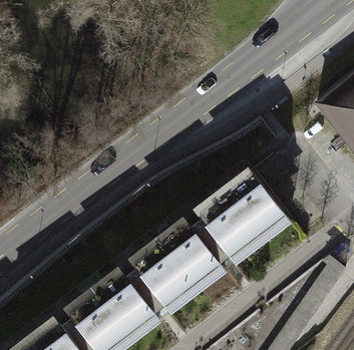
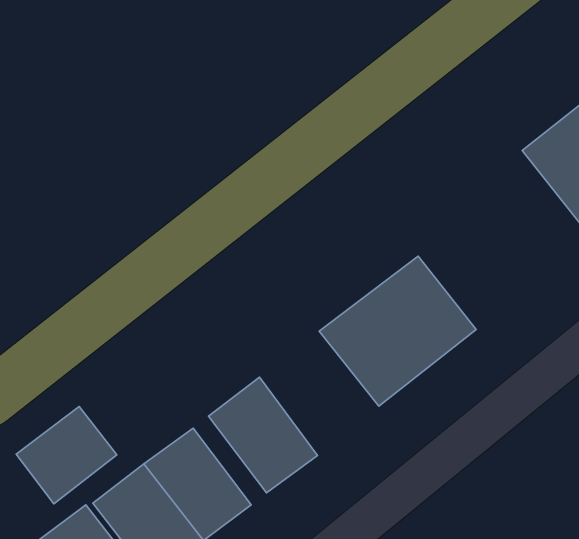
building: [160,223,224,290] -> none
building: none -> [16,407,117,504]

